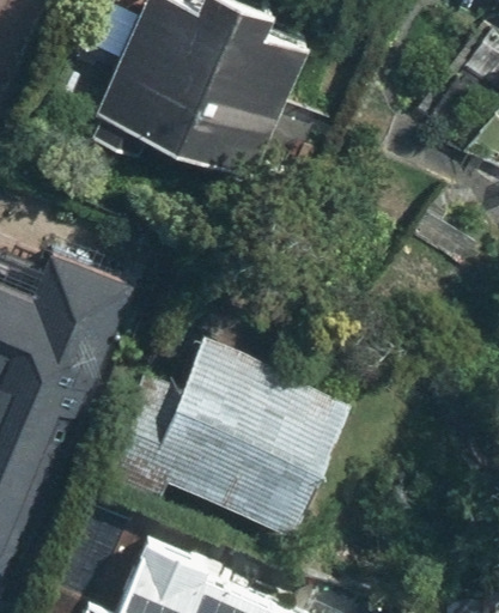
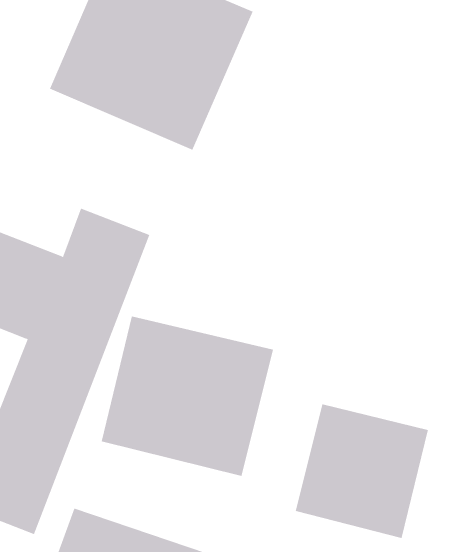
building: none -> [295,403,429,539]

